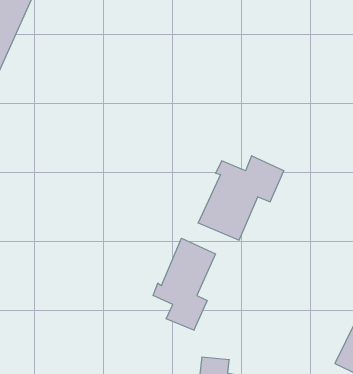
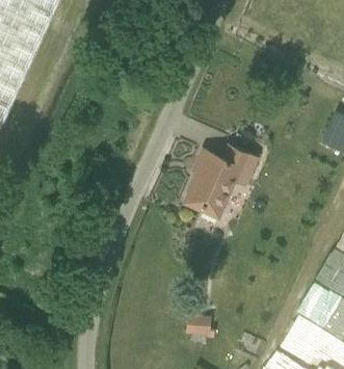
building: [153,238,216,330] -> none

